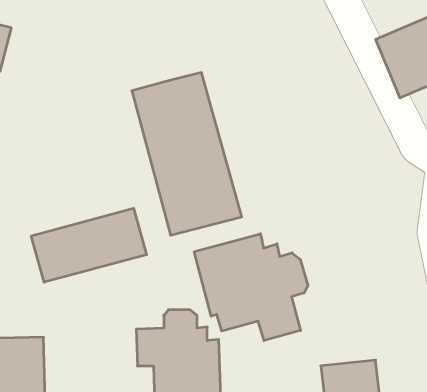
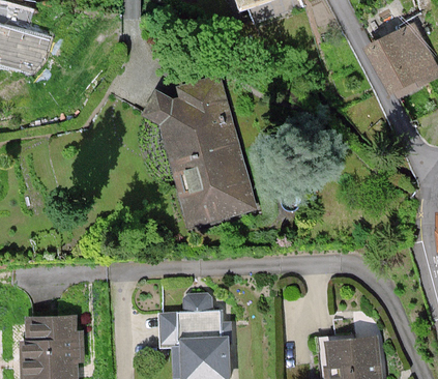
building: [31,208,147,282] -> none
building: [194,234,308,341] -> none

